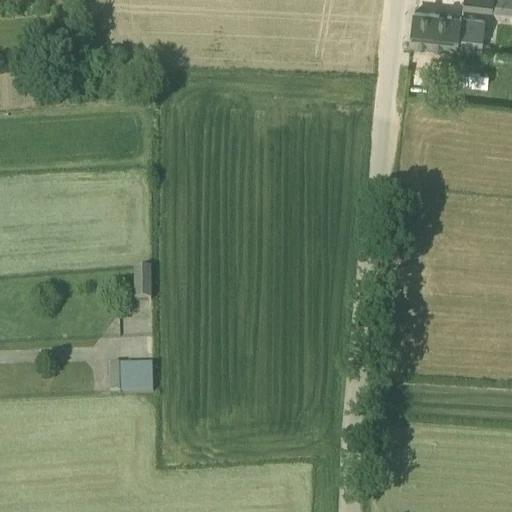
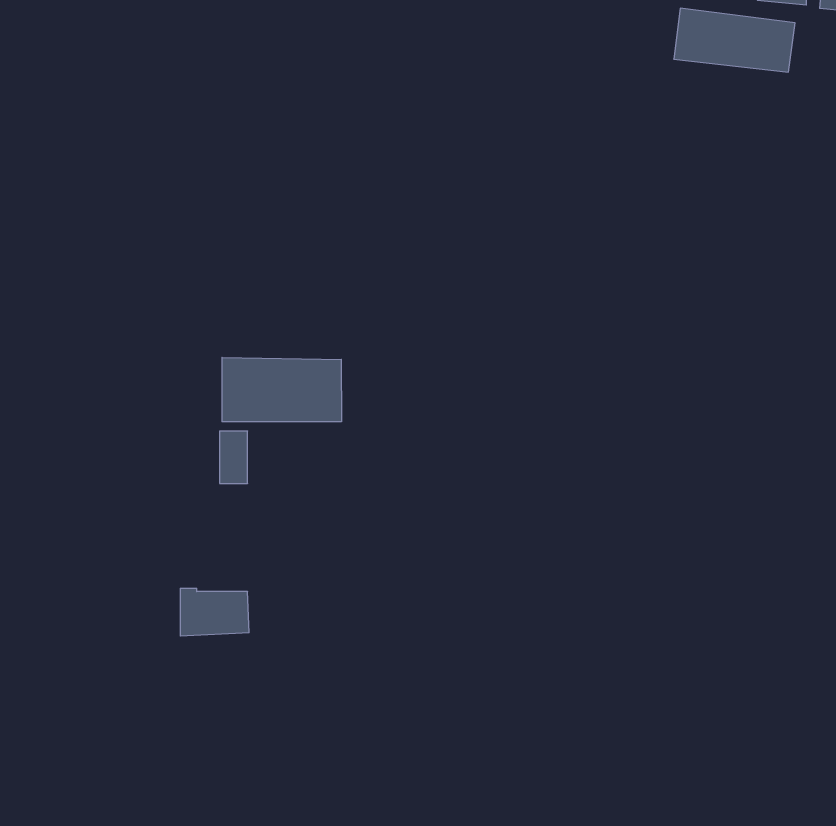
building: none -> [222,357,341,422]

